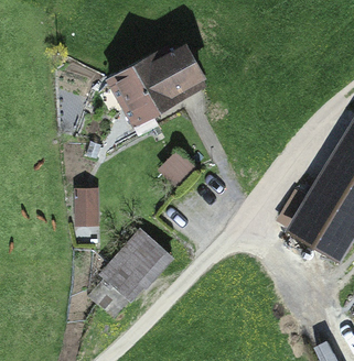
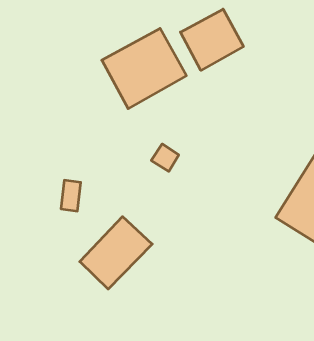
building: none -> [180,9,243,70]

